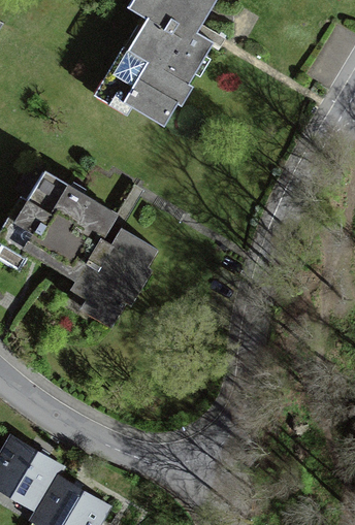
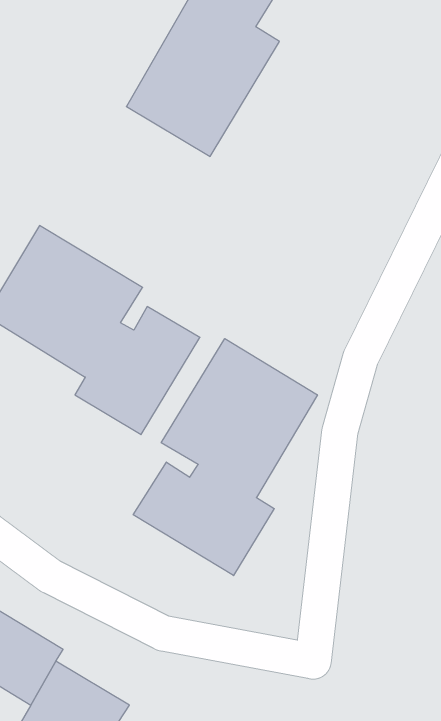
building: none -> [133,339,317,576]

